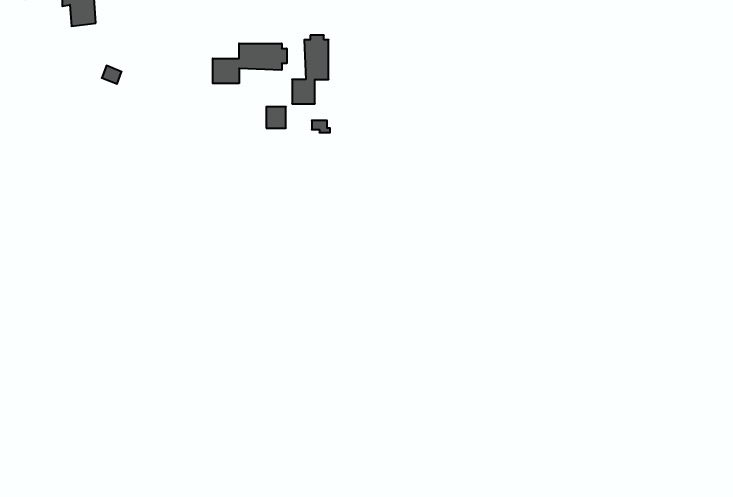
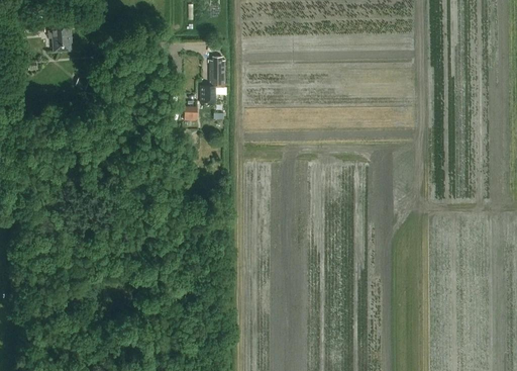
building: [213,43,287,83] -> none

